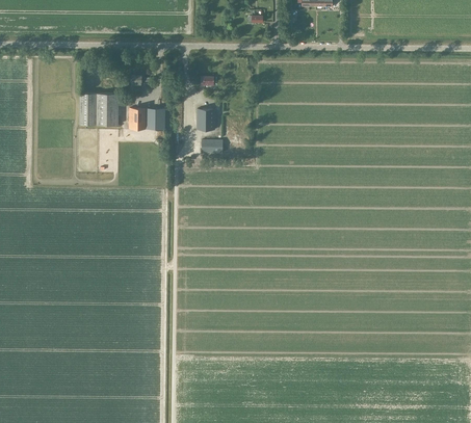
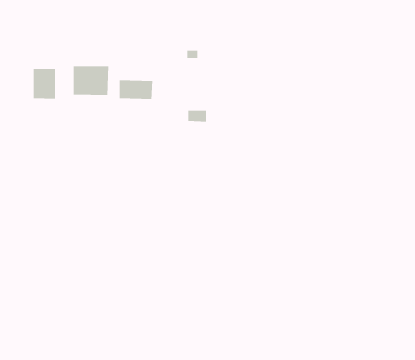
building: none -> [33,68,56,99]
building: [197,109,215,130] -> none

